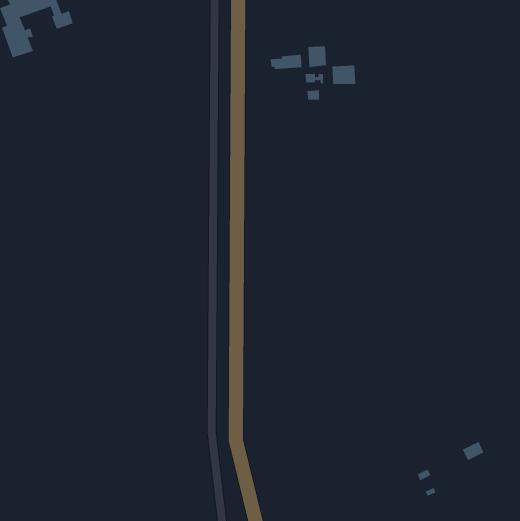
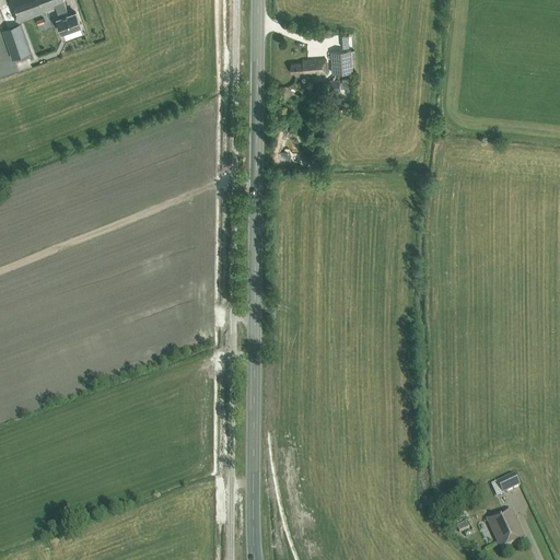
building: [332,65,356,85] -> none
building: none -> [485,509,522,549]

